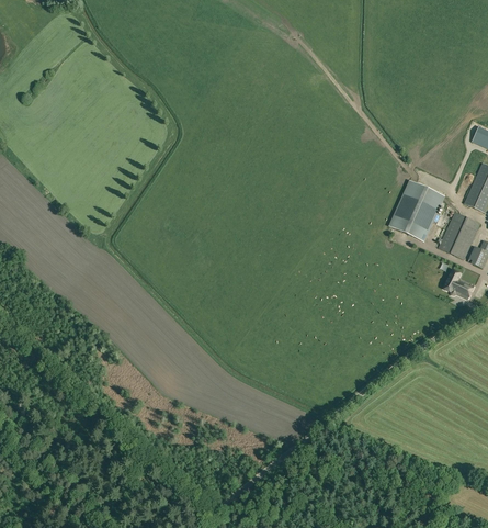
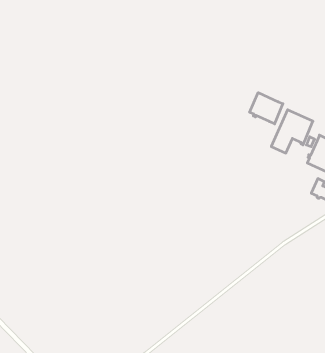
building: none -> [250,93,283,124]

